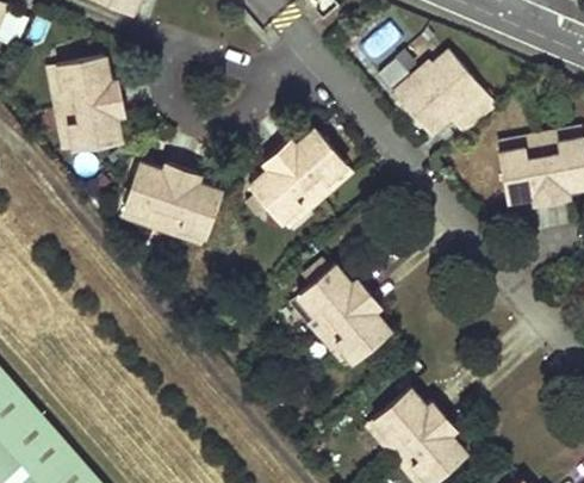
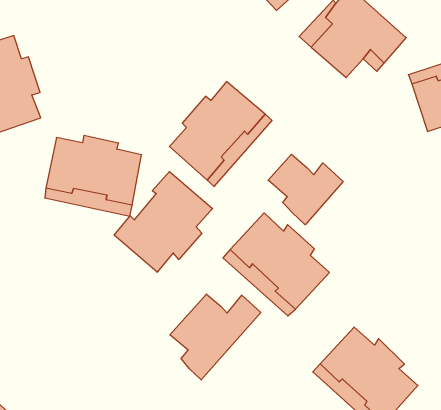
building: none -> [268,154,343,225]
building: none -> [114,172,213,272]
building: none -> [170,294,261,380]

